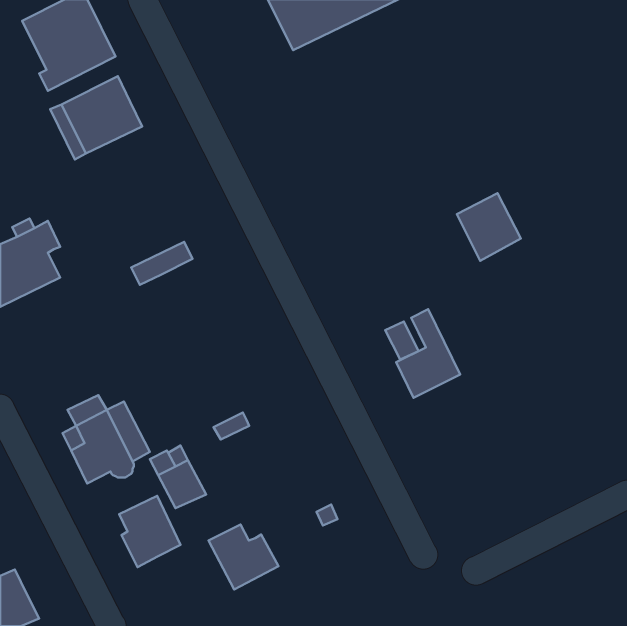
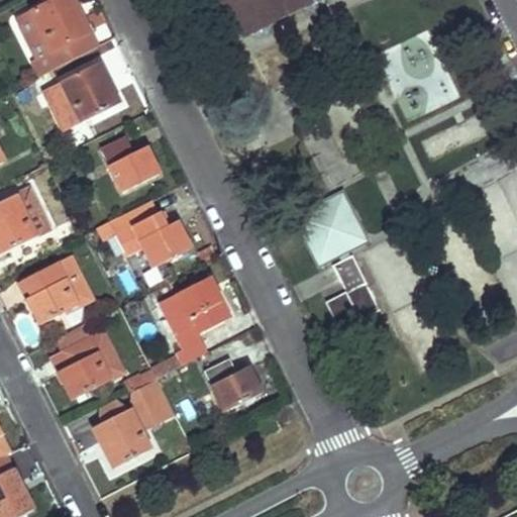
building: none -> [100,137,158,192]
building: [457,193,521,261] -> [304,201,356,256]
building: none -> [132,213,189,267]
building: none -> [19,256,92,323]
building: none -> [160,277,229,334]
building: [208,525,278,590] -> [203,357,261,411]

